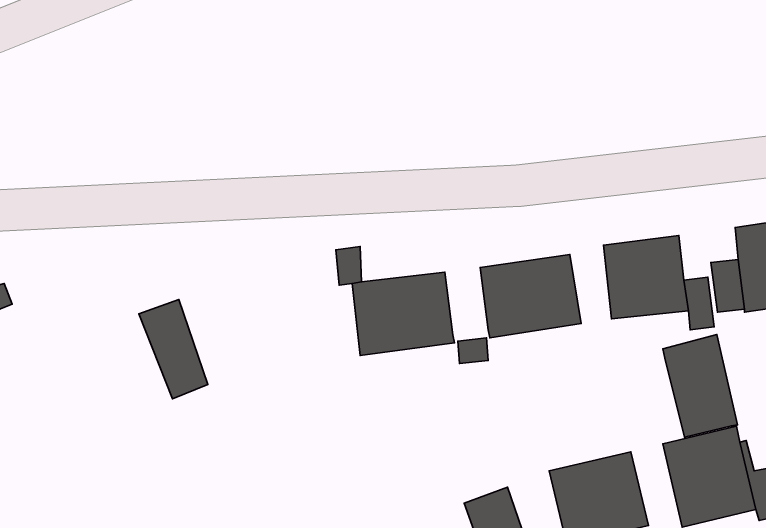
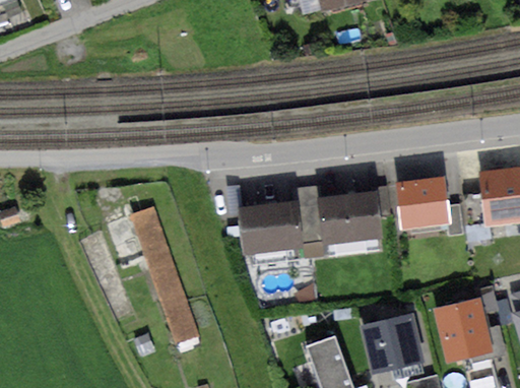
building: none -> [294,185,322,240]
building: none -> [131,205,199,343]
building: [663,335,738,437] -> none

